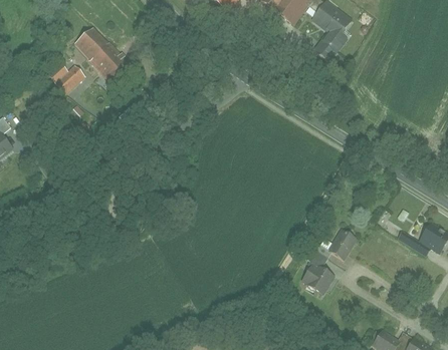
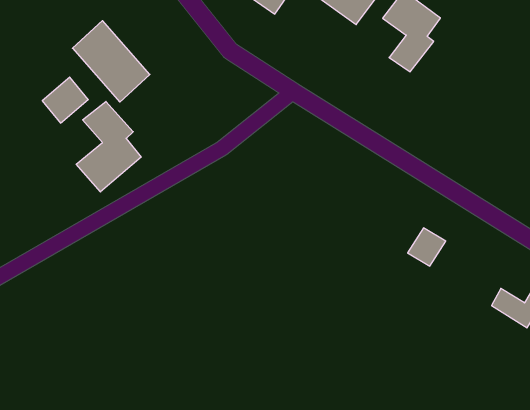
building: none -> [76,101,141,192]
building: [327,229,357,258] -> [408,228,446,266]
building: [300,261,334,294] -> none

